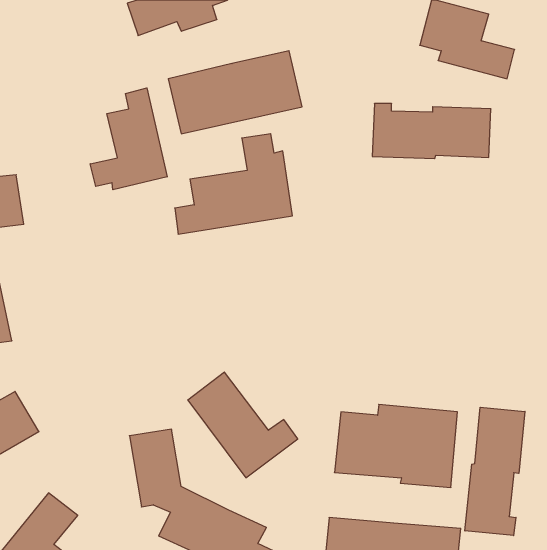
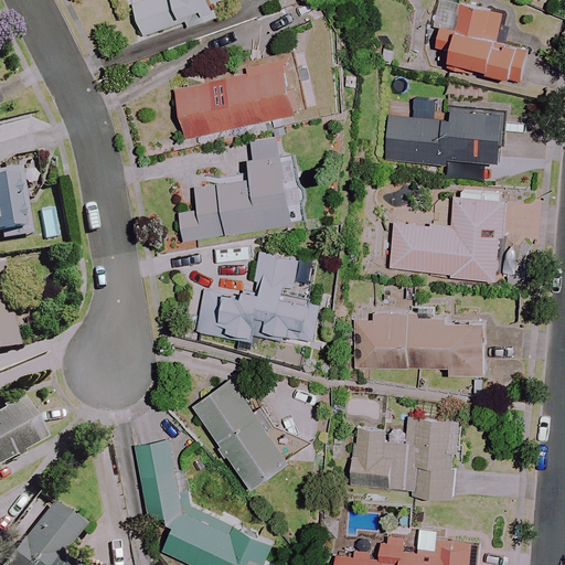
building: [90,88,167,190] -> none
building: none -> [390,190,504,279]
building: none -> [198,254,317,340]
building: none -> [353,312,483,375]
building: [465,407,525,536] -> none

